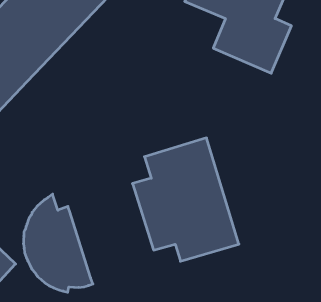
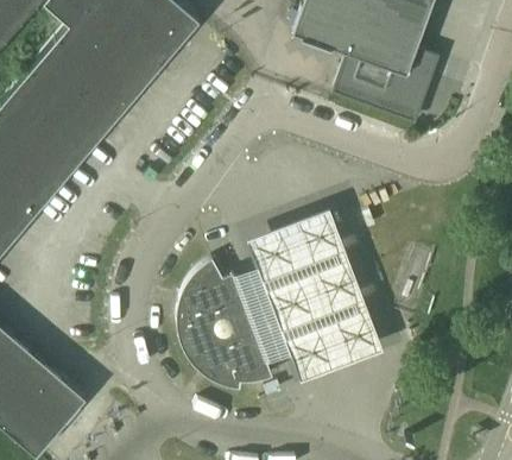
building: [23,194,93,292] -> [176,258,272,389]

